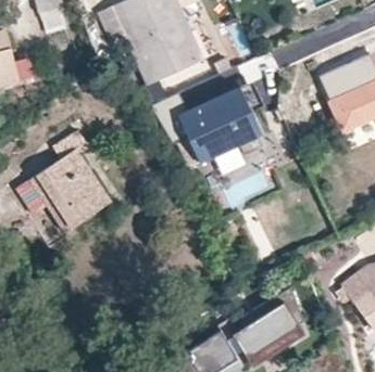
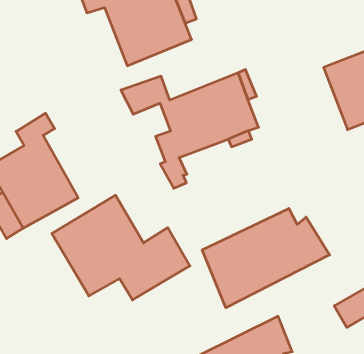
building: none -> [52,195,190,300]
building: none -> [202,208,330,308]

